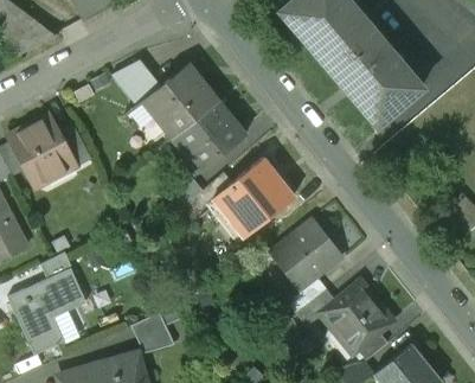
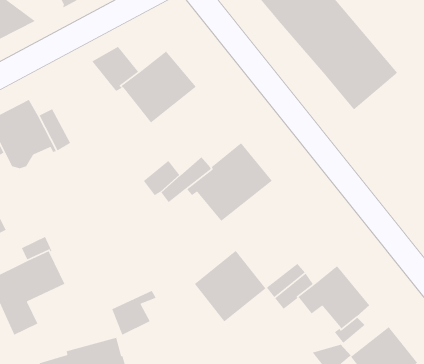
building: [173,102,246,173] -> none
building: [270,218,344,292] -> [194,250,266,322]

